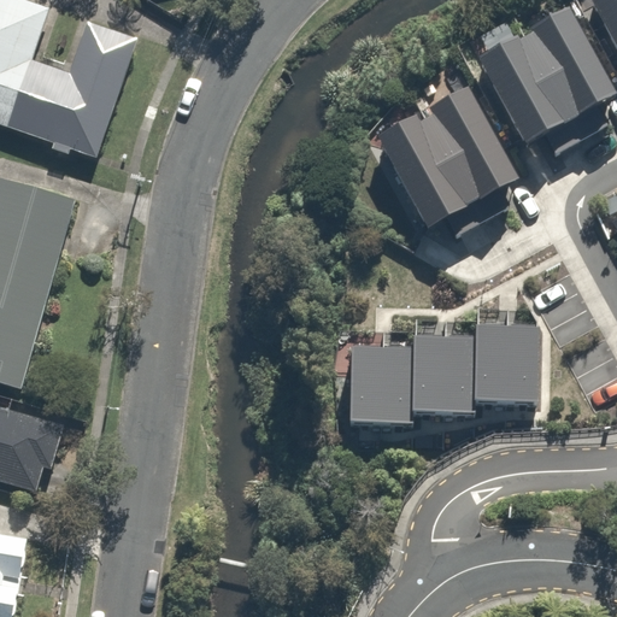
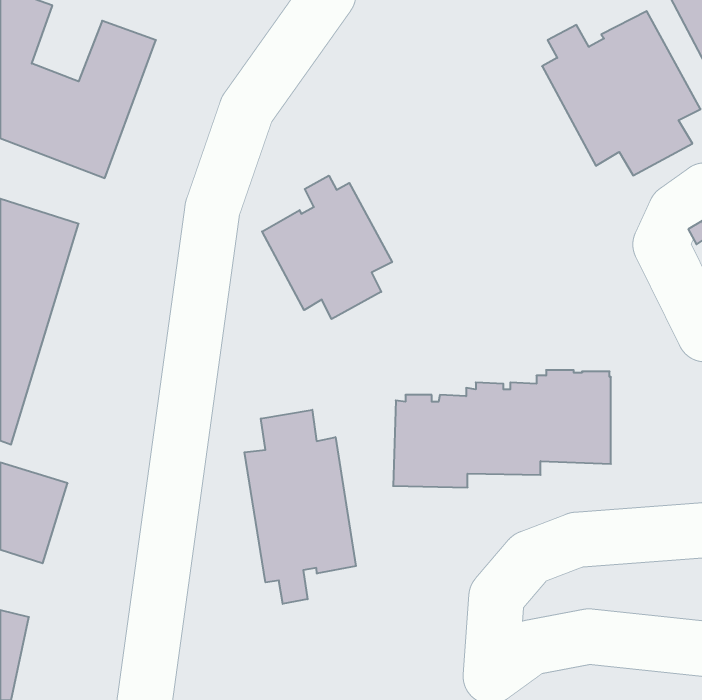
building: [376,89,516,236] -> none
building: none -> [262,176,392,319]
building: none -> [244,410,356,604]

